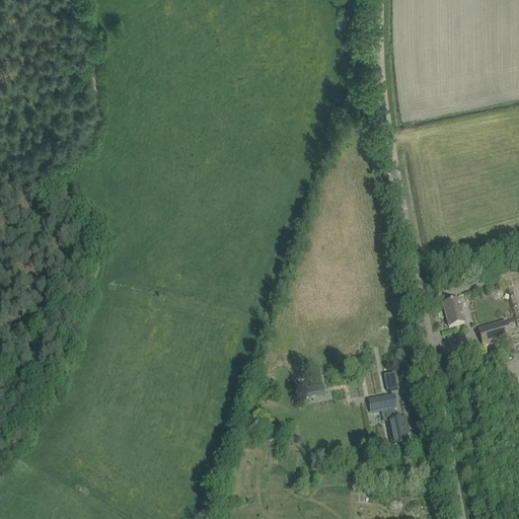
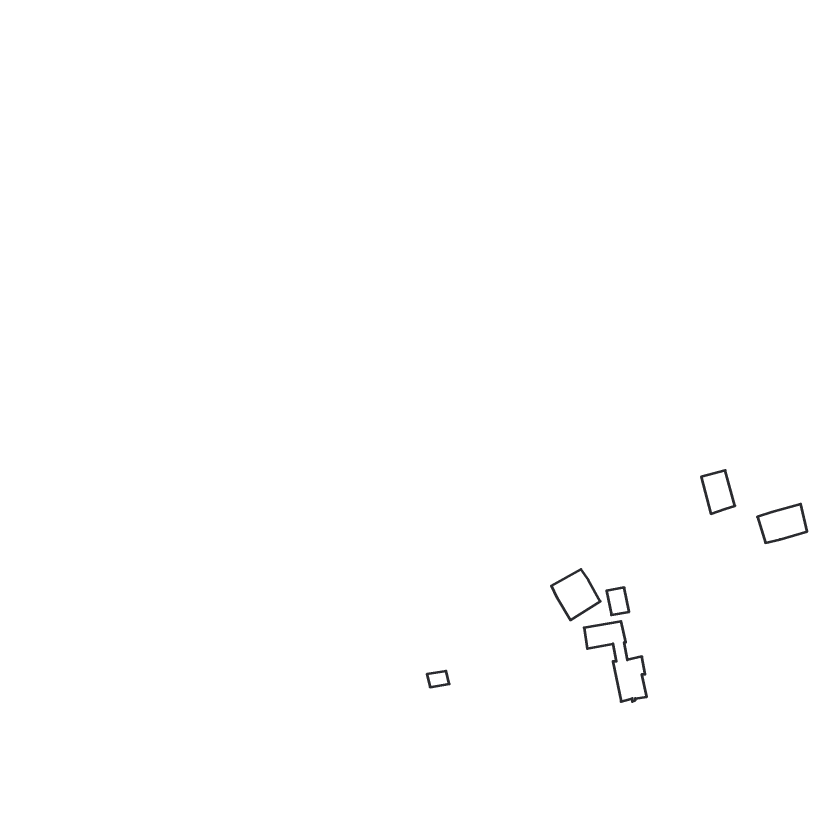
building: none -> [551,569,600,620]

